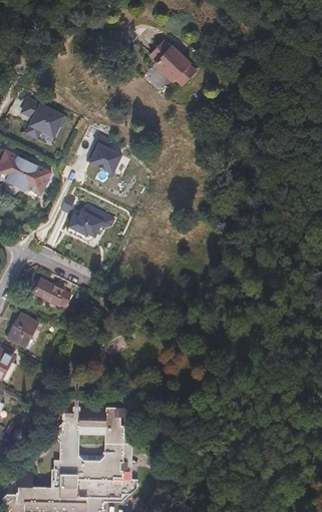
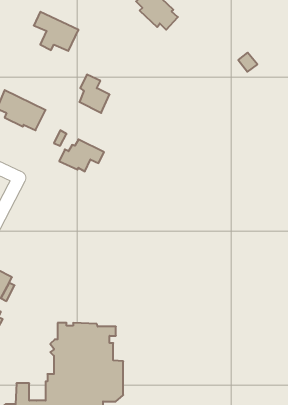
building: [18,100,67,143] -> [34,12,79,51]
building: [33,279,72,308] -> none
building: [8,314,38,347] -> none

